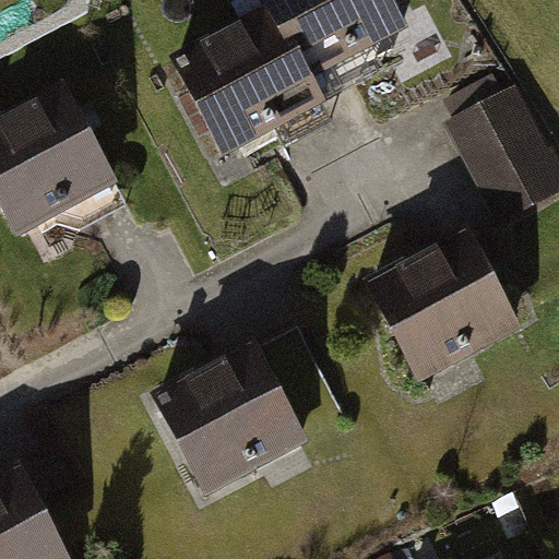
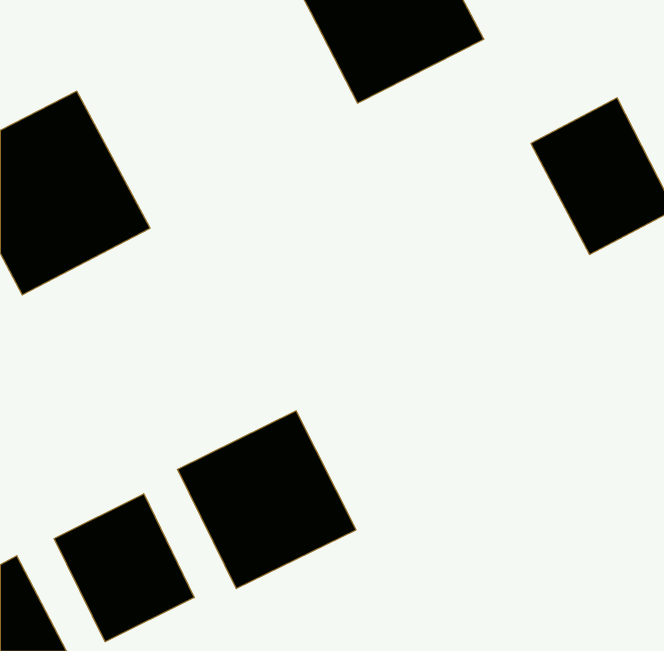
building: [173,10,311,152] -> none
building: [368,231,518,383] -> none
building: none -> [54,494,194,642]

